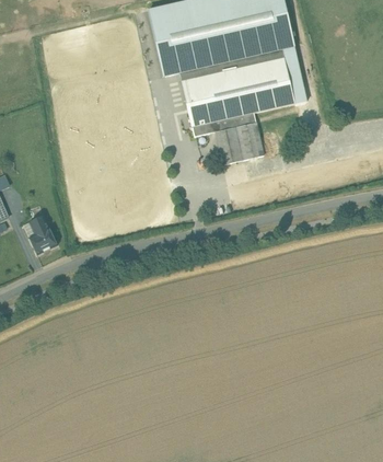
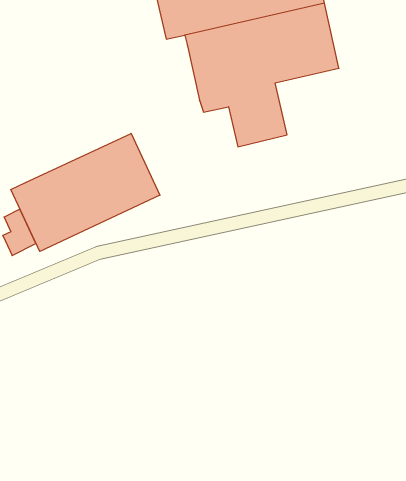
building: none -> [11,133,160,251]

